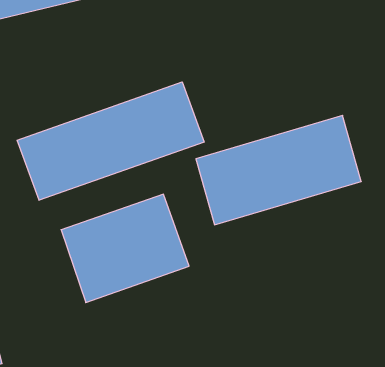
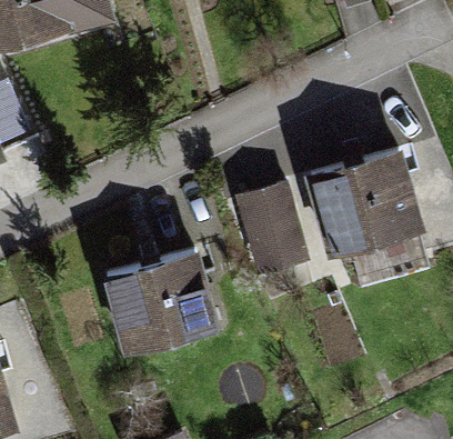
building: [17,82,204,200] -> none

